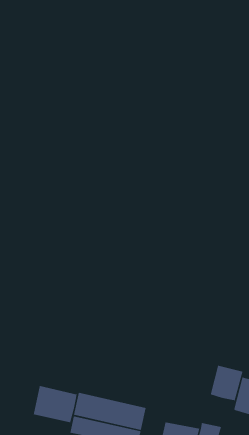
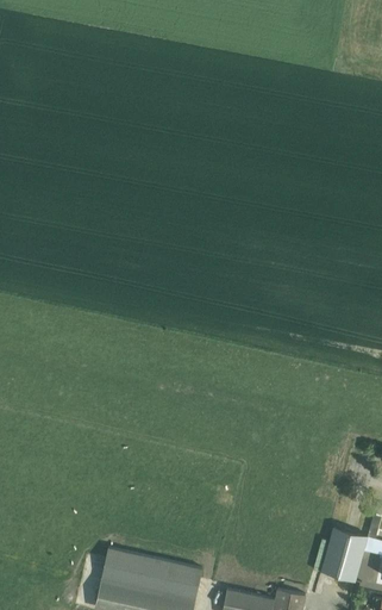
building: [210,365,243,402] -> none
building: [33,385,78,423] -> none

